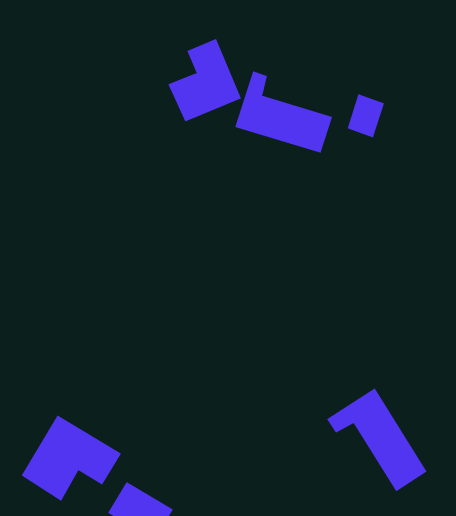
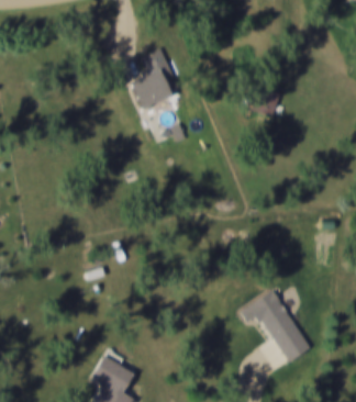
building: [235,71,333,153] -> none
building: [21,414,122,502] -> none

